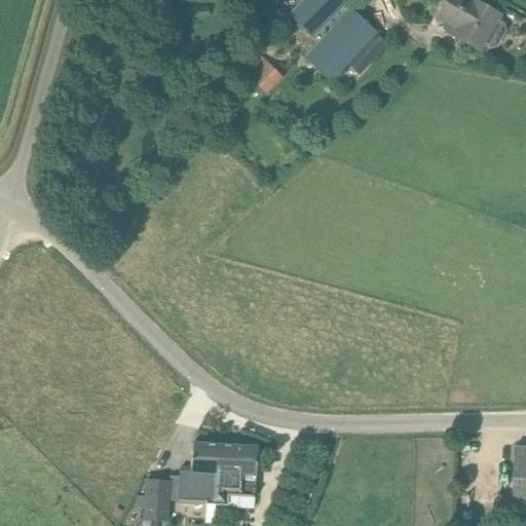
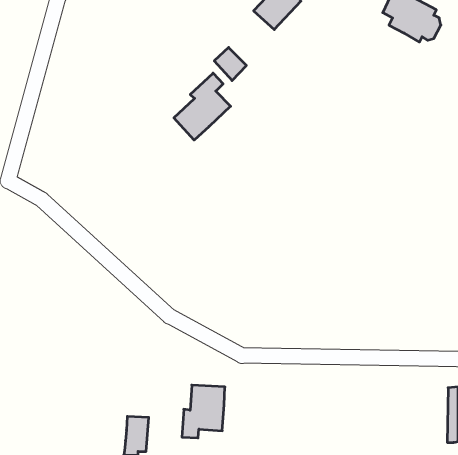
building: [305,7,388,79] -> none
building: none -> [174,73,231,140]
building: [178,440,220,501] -> none

